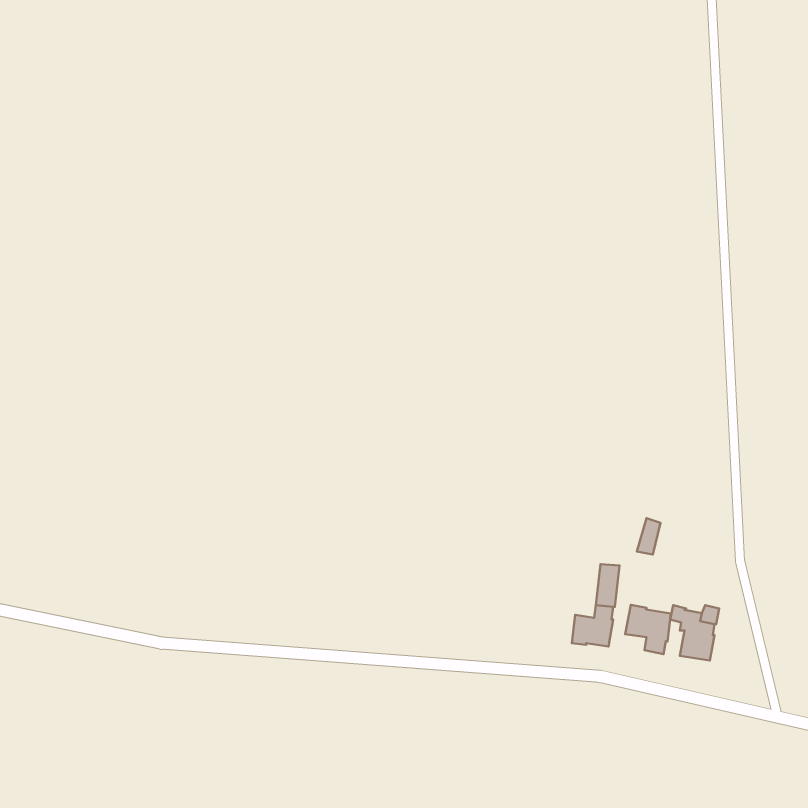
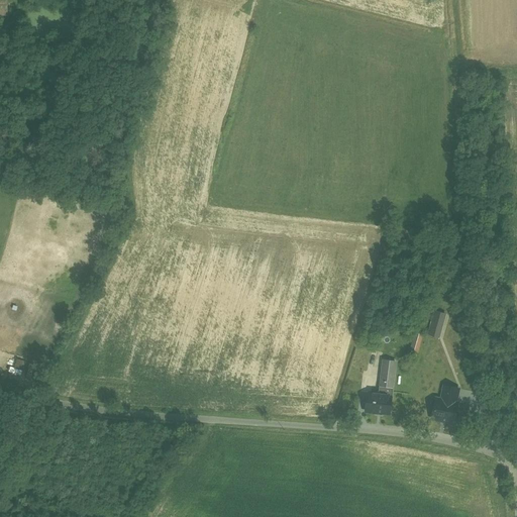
building: [625,605,671,654] -> none

